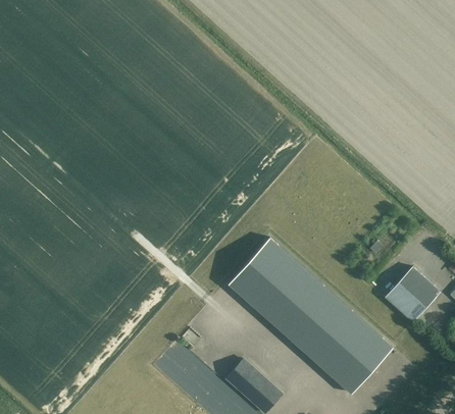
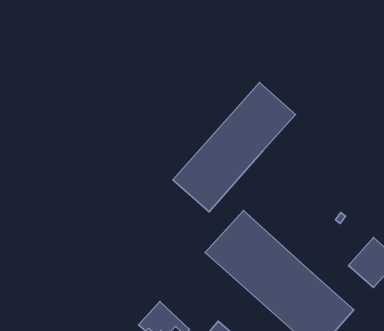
building: none -> [173,82,295,212]

